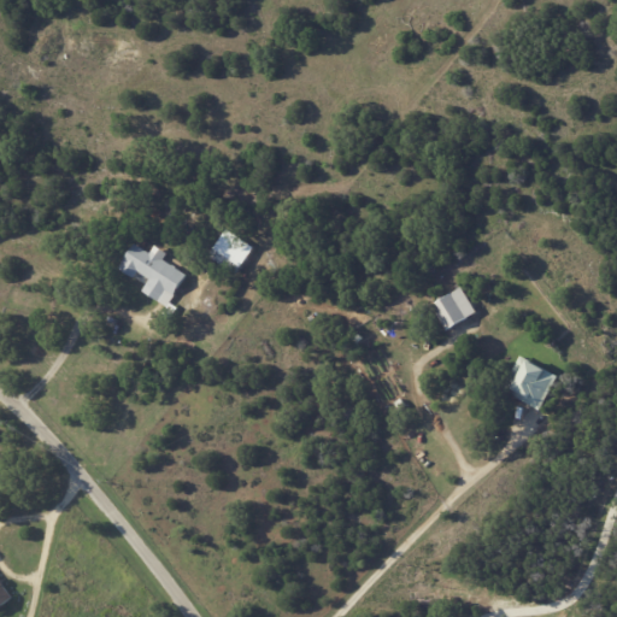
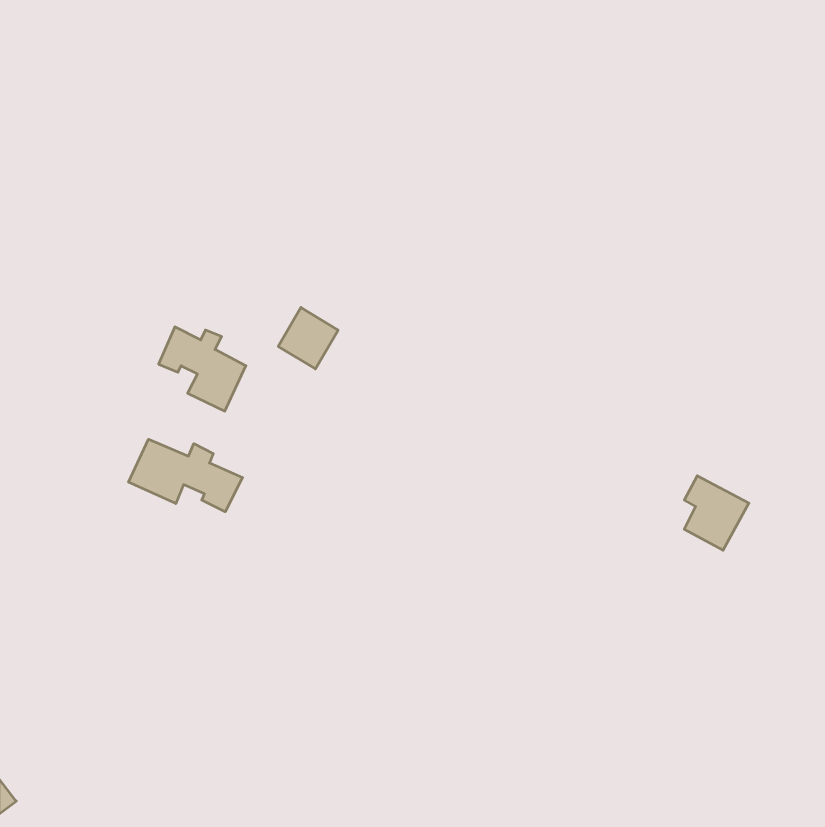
building: [433,288,475,328] -> none
building: none -> [129,439,243,512]

